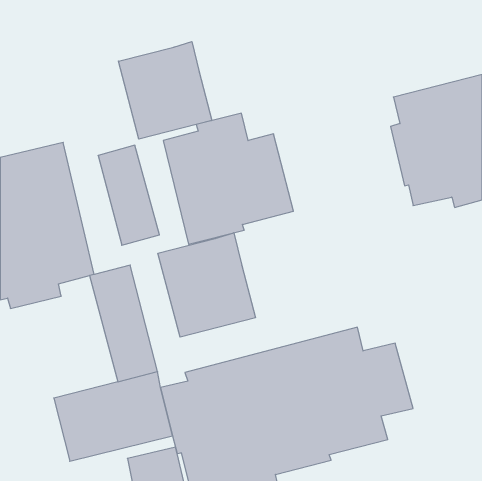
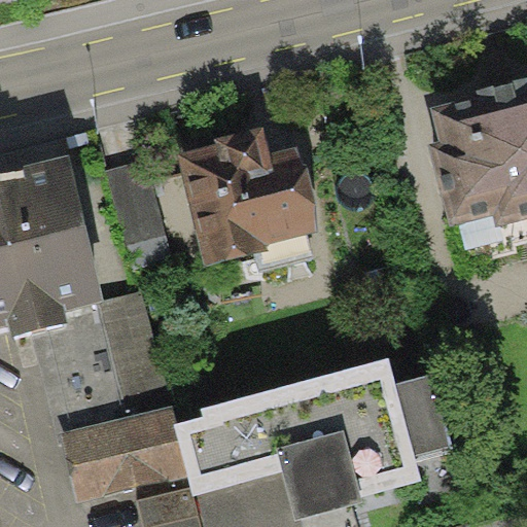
building: [118,42,212,139] -> none
building: [158,233,255,337] -> none

